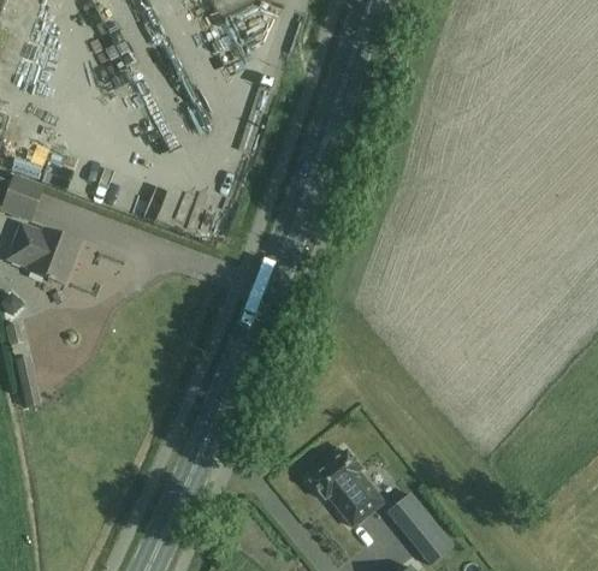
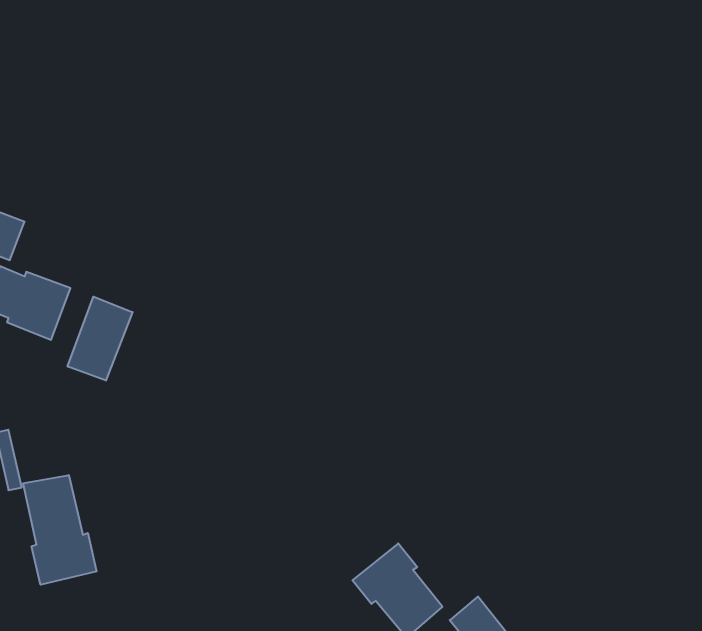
building: none -> [68,297,133,381]
building: none -> [23,475,97,585]

